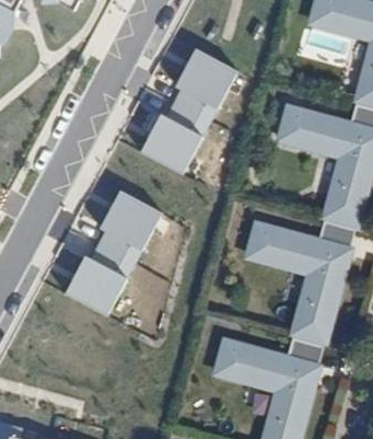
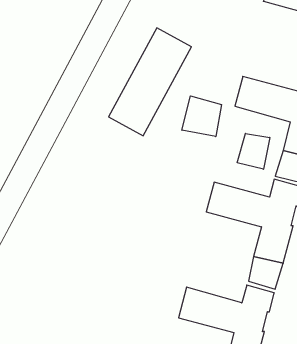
building: none -> [182,96,221,137]
building: none -> [237,133,270,169]
building: [65,186,161,314] -> none

